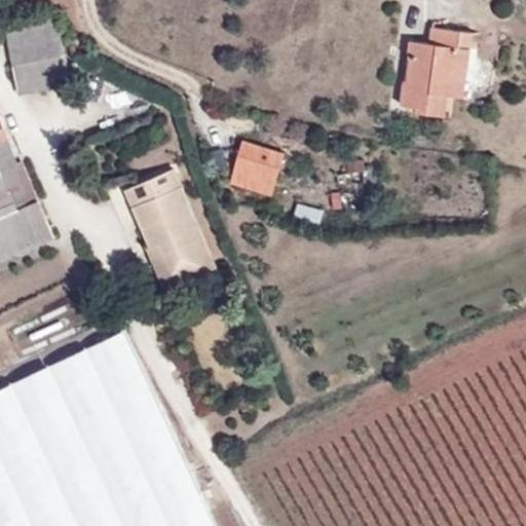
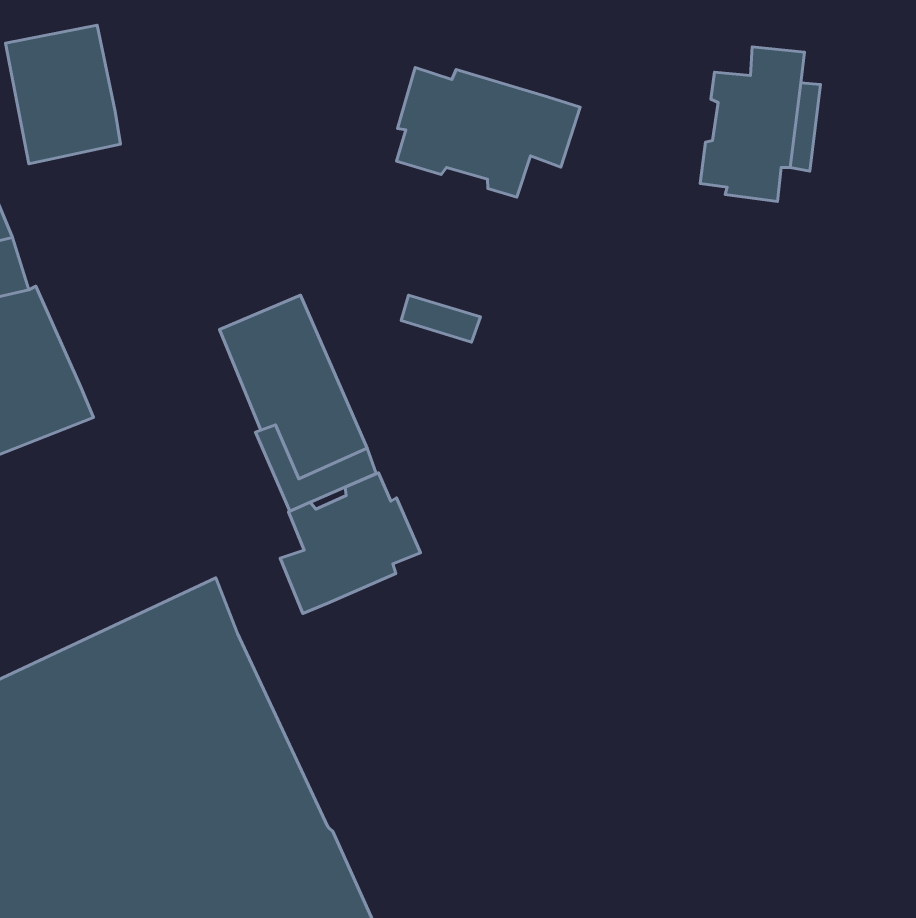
building: none -> [397,67,580,197]
building: [233,142,281,182] -> none
building: none -> [280,473,421,613]

